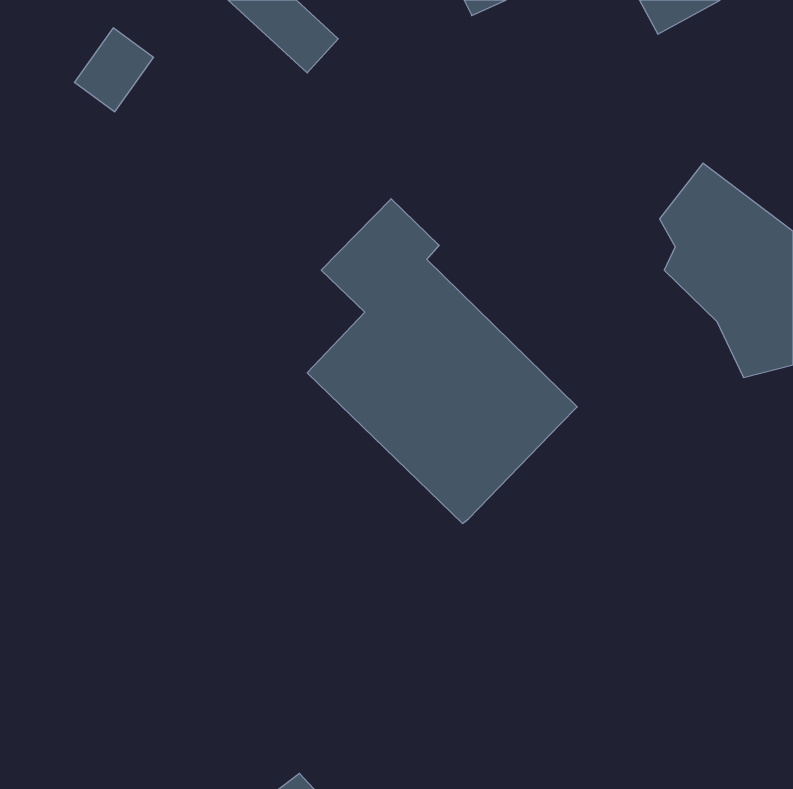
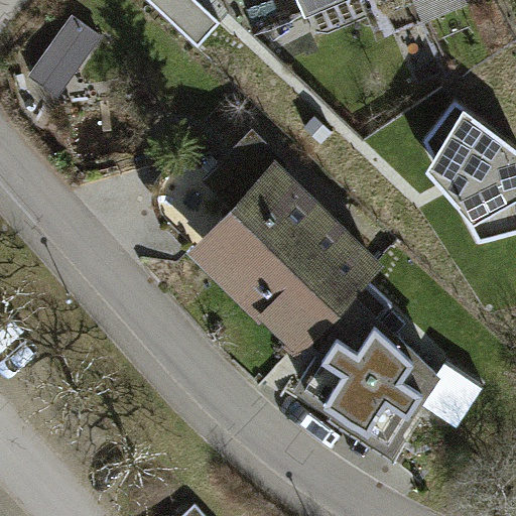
building: none -> [299,278,435,445]

